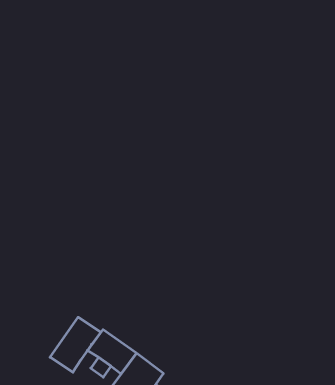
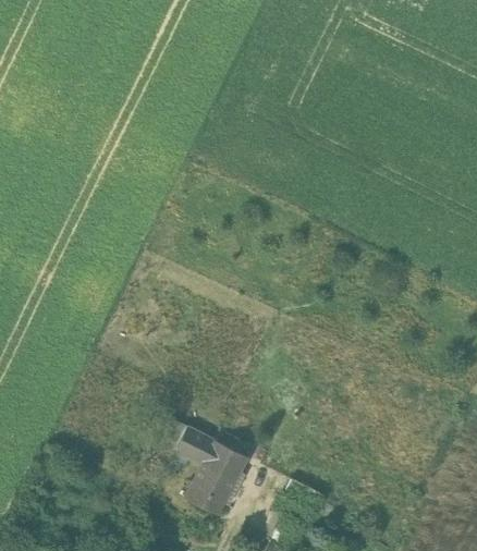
building: [50,317,101,372] -> none

